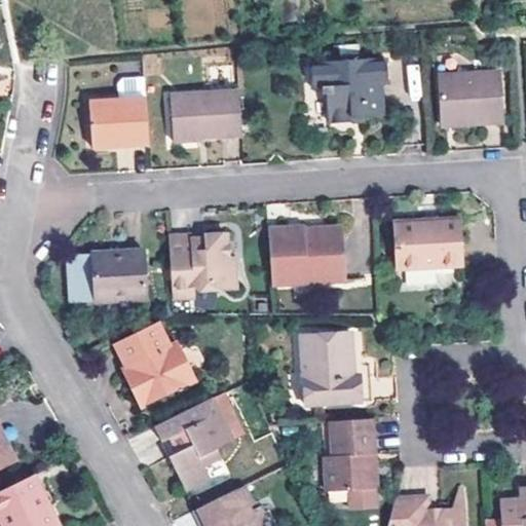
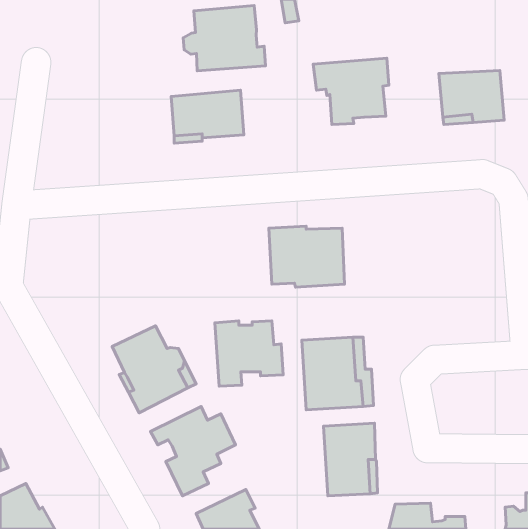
building: none -> [183,5,266,71]
building: [93,76,151,147] -> none
building: [394,218,463,270] -> none
building: [172,233,239,298] -> [215,321,283,386]
building: [73,249,147,301] -> none

